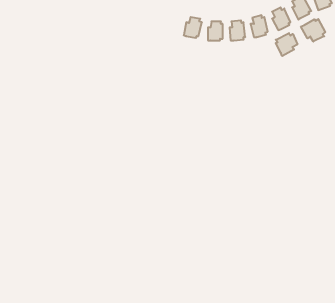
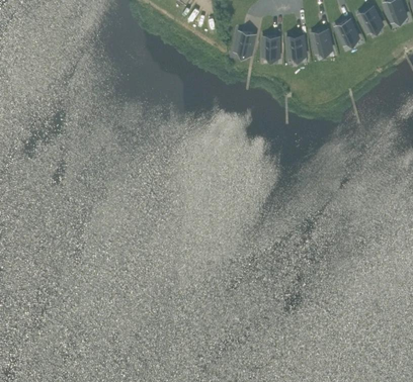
building: [301,19,325,42] -> none
building: [276,33,297,56] -> none

